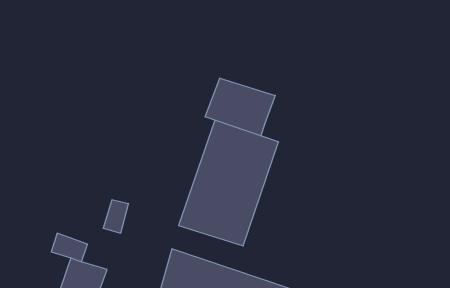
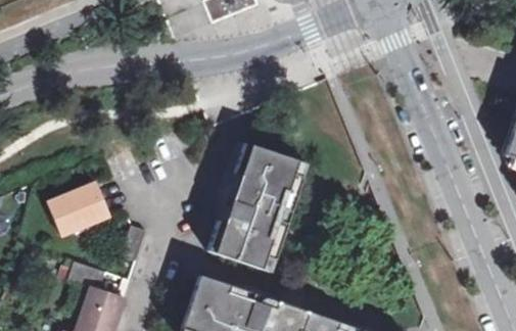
building: [205,78,275,136] -> none
building: none -> [47,179,111,236]

